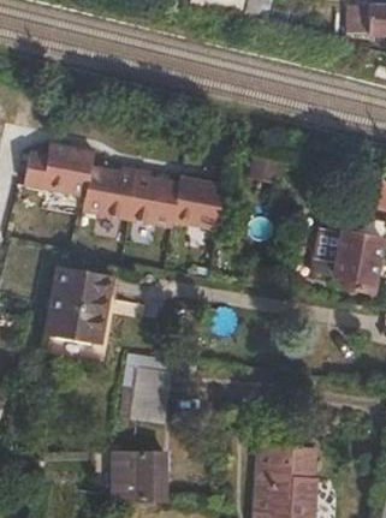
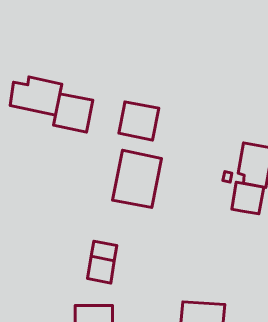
building: [129,174,179,226] -> none
building: [48,266,114,343] -> [113,150,162,207]
building: none -> [232,182,264,214]

